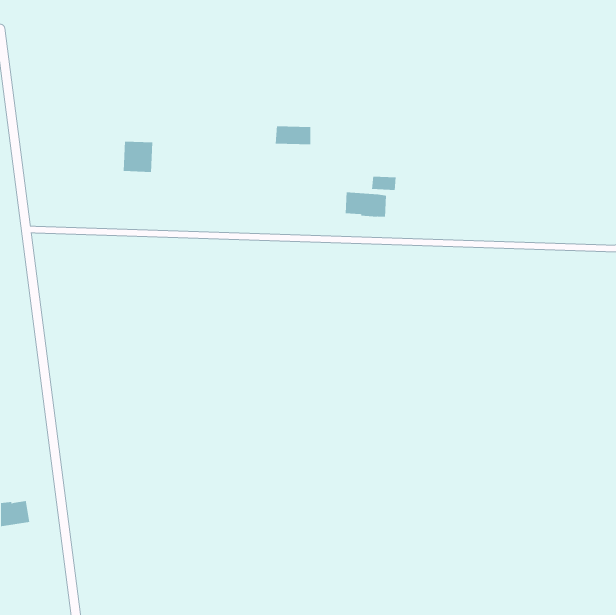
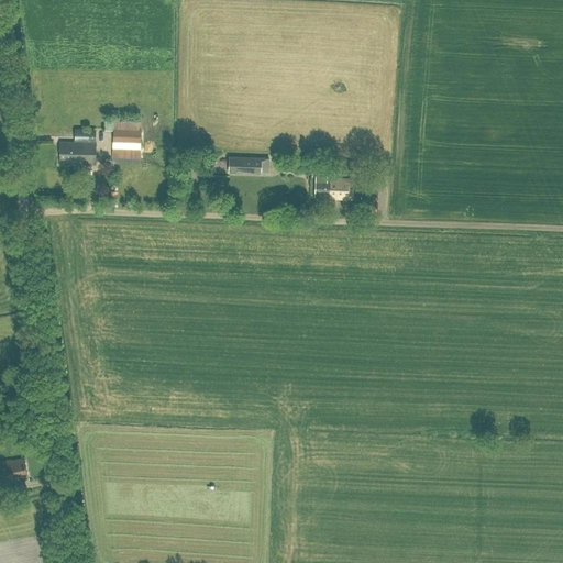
building: [275,126,311,145] -> [228,155,261,173]
building: none -> [59,140,95,163]

